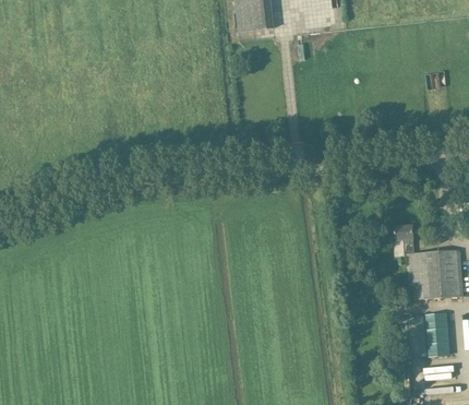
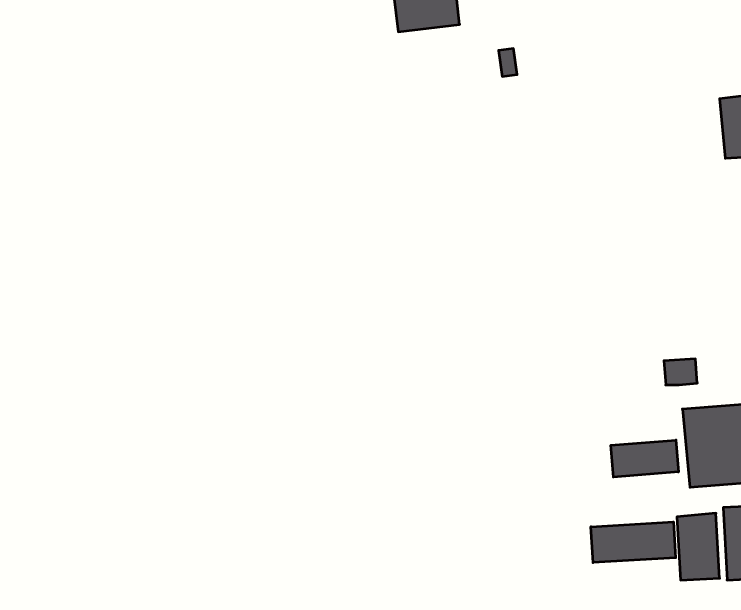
building: none -> [611,440,678,477]
building: none -> [591,522,676,563]

